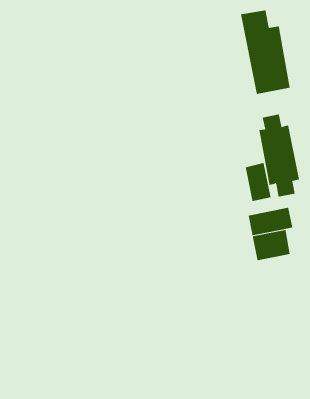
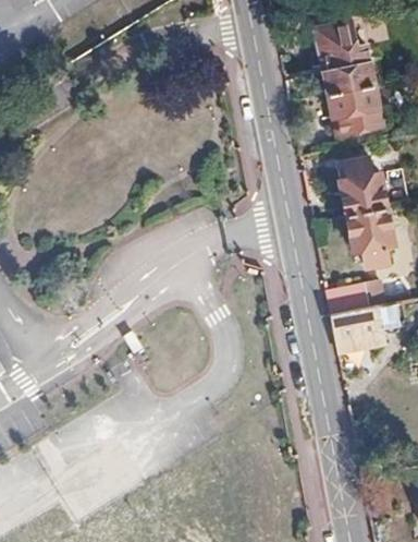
building: [245,162,271,202] -> none

